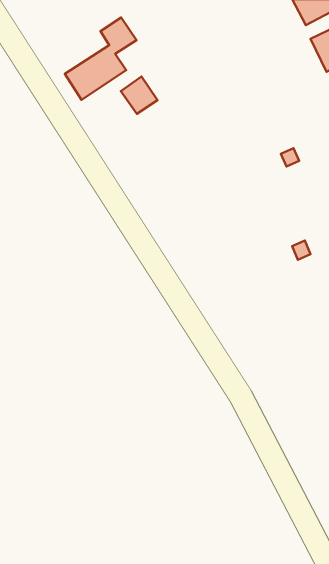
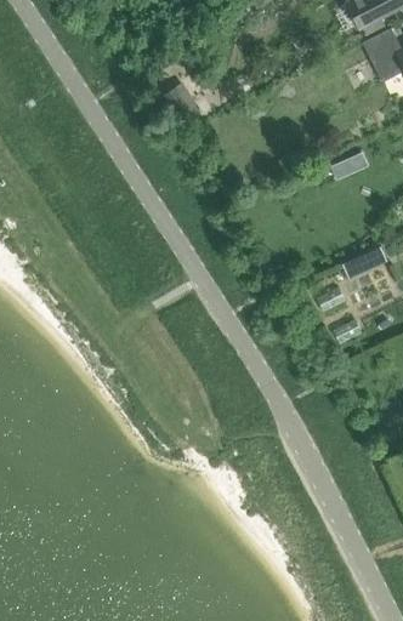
building: [65,17,137,100] -> none

